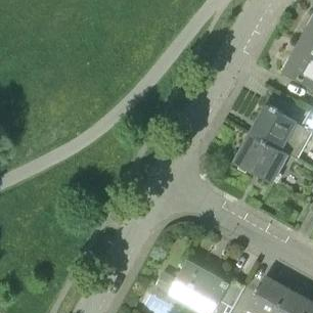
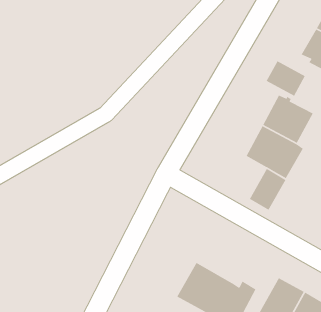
building: none -> [265,60,306,97]
building: none -> [249,168,287,211]

